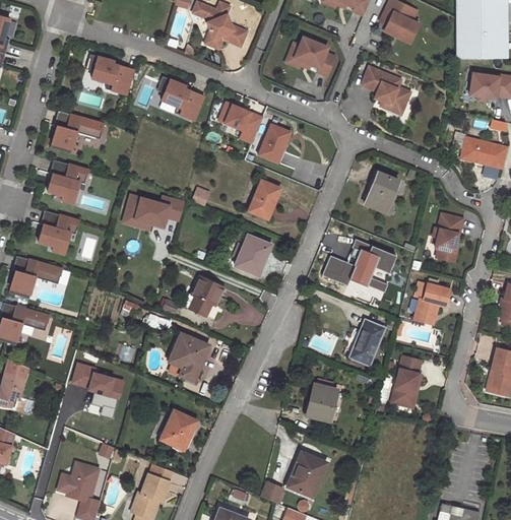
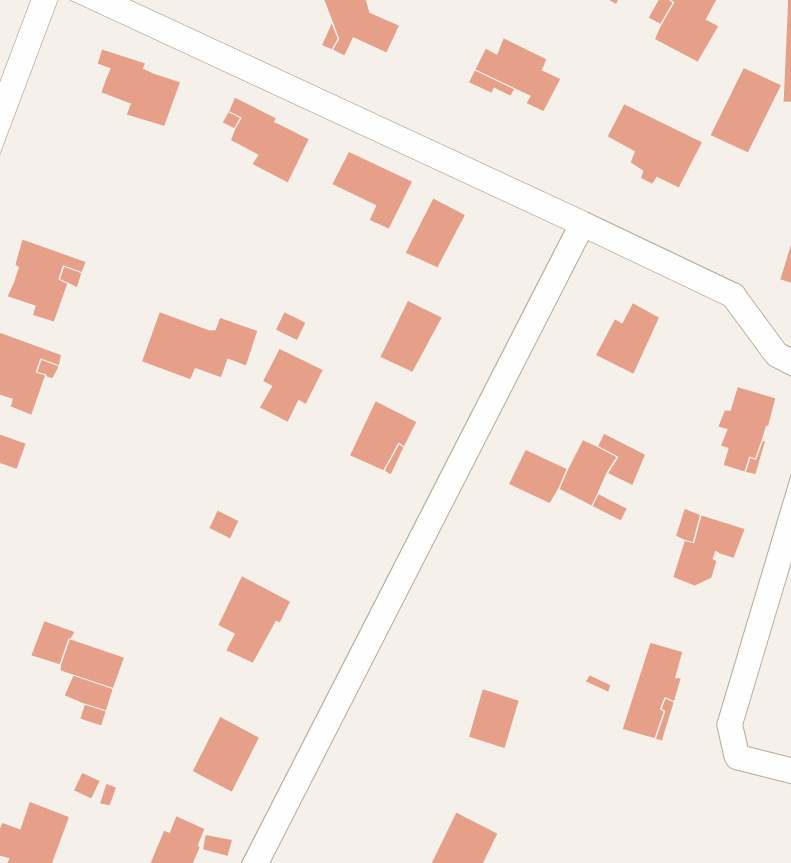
building: none -> [710,67,782,153]
building: [50,111,104,150] -> none
building: [191,275,225,315] -> [259,348,323,423]
building: [350,320,384,365] -> none

